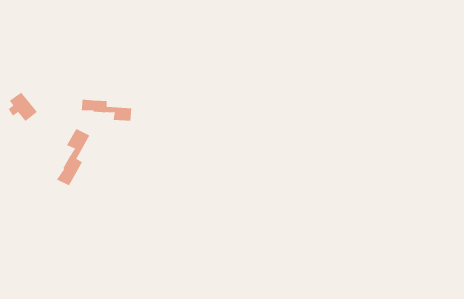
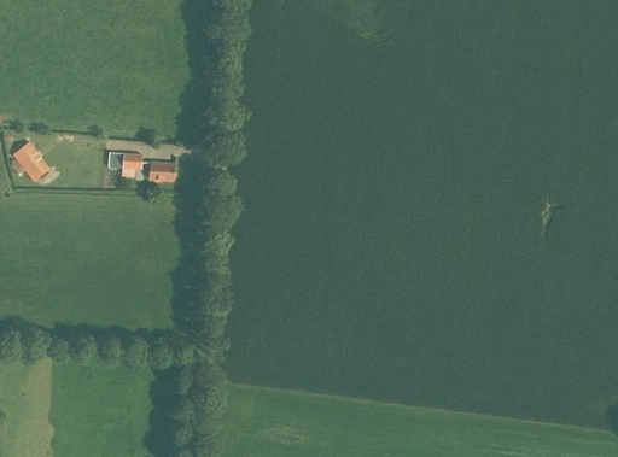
building: [56,128,90,186] -> none

